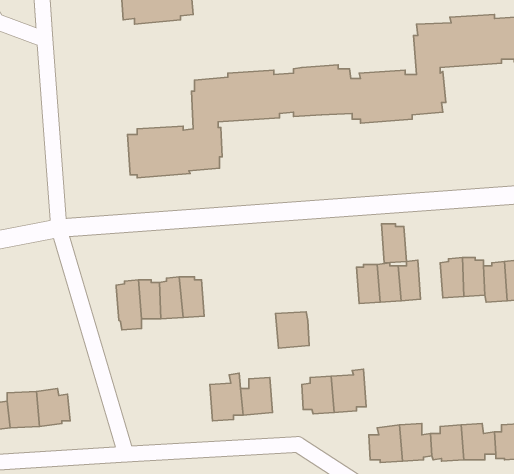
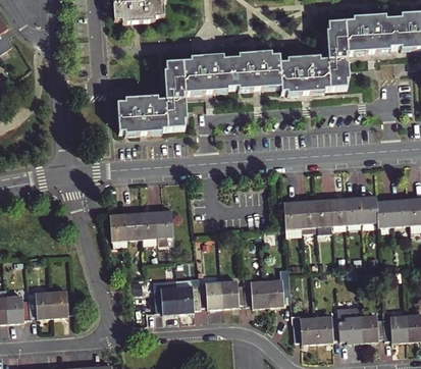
building: [381,224,407,263] -> [329,196,348,224]
building: [276,312,309,348] -> [221,280,246,307]
building: none -> [153,284,179,314]

